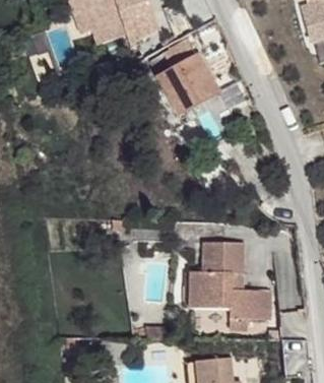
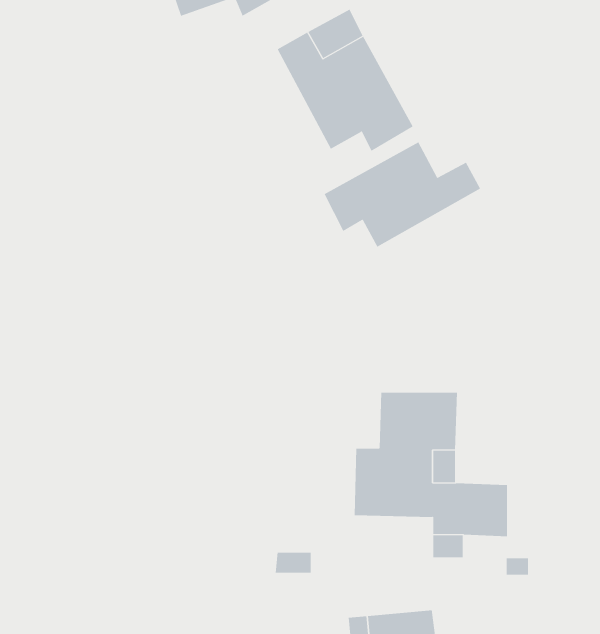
building: none -> [324,141,481,247]

